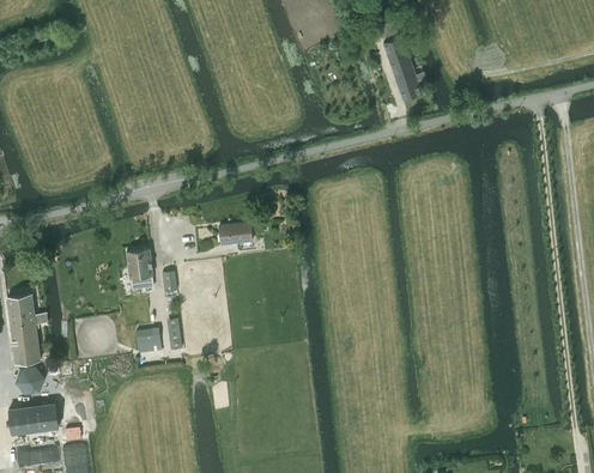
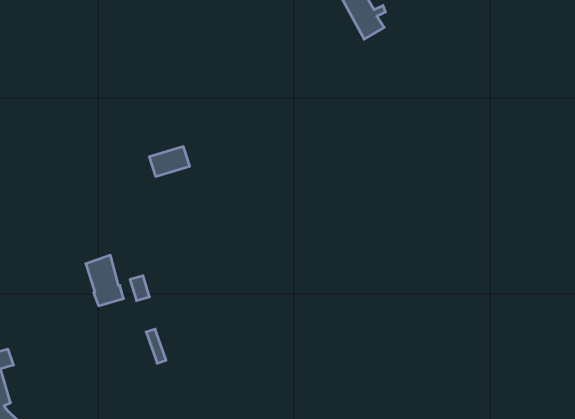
building: [218,223,251,244] -> [149,147,190,176]
building: [135,328,160,353] -> none

